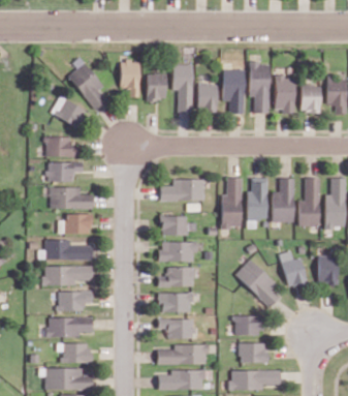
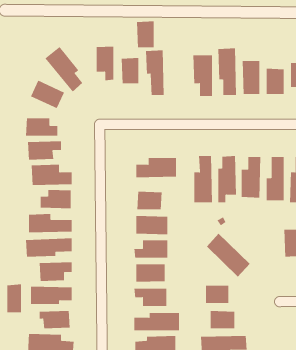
building: [198,83,218,112] -> [136,21,155,48]
building: [281,250,309,287] -> none
building: none -> [7,284,21,313]

